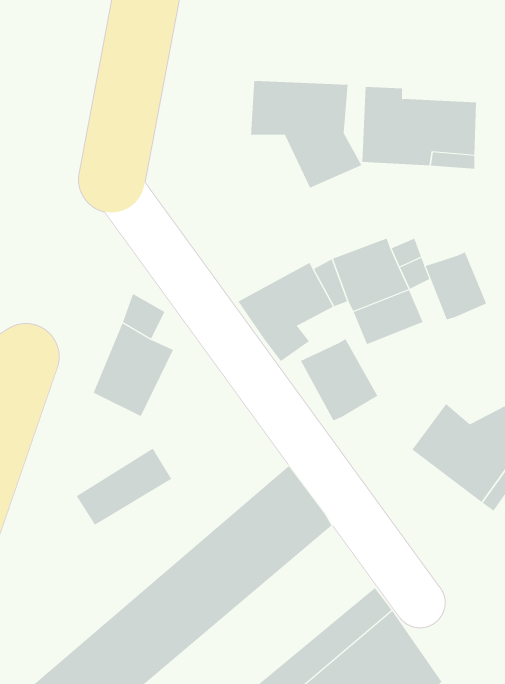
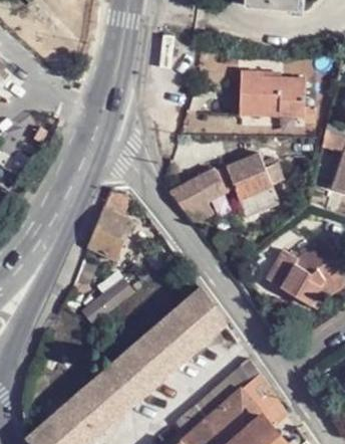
building: [251,80,362,189] -> none
building: [425,251,487,320] -> none
building: [300,338,378,421] -> none

